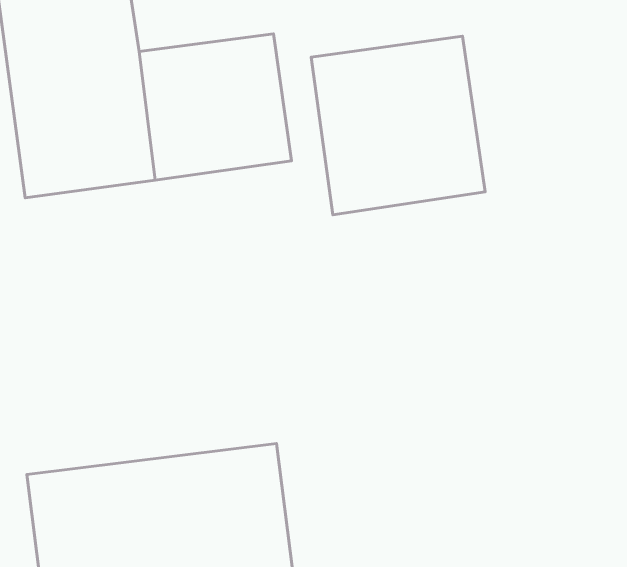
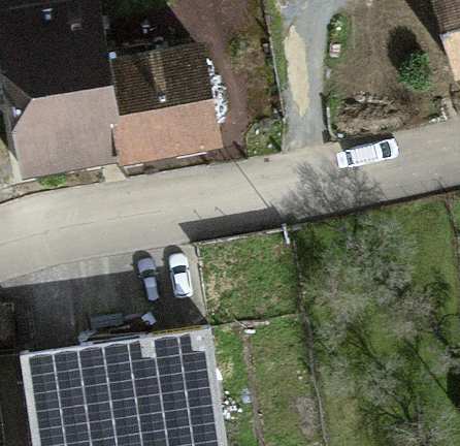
building: [311,36,485,215] -> none

